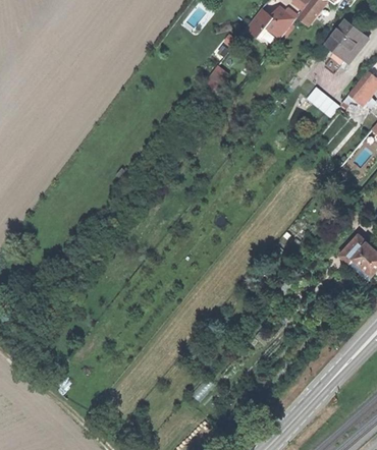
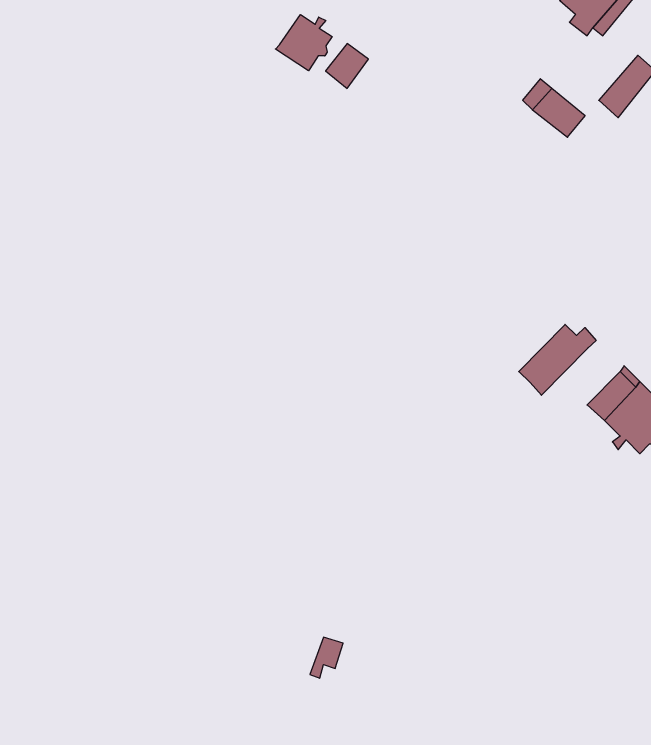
building: none -> [275,15,332,71]
building: none -> [519,324,596,395]

